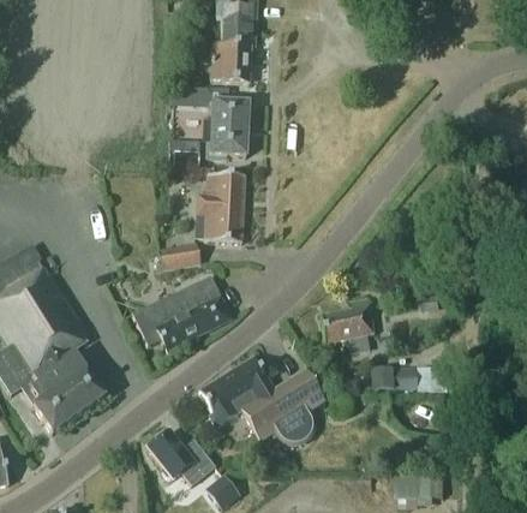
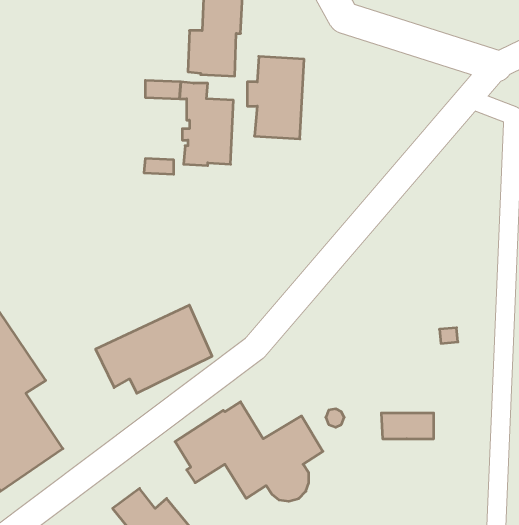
building: [197,173,245,243] -> [247,56,304,139]
building: [157,243,202,270] -> none
building: [321,298,372,354] -> none

